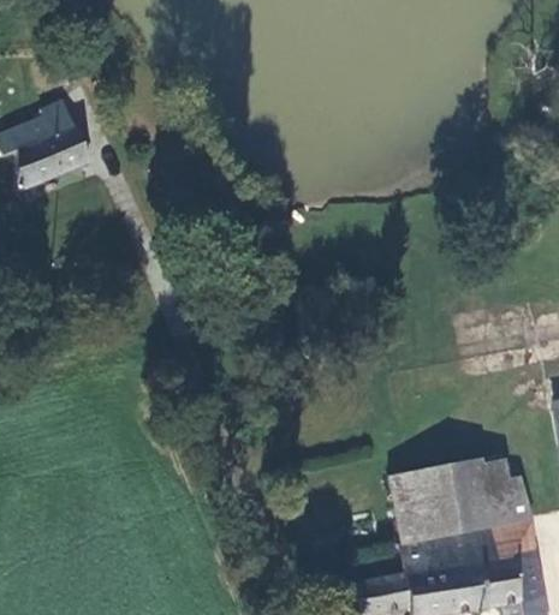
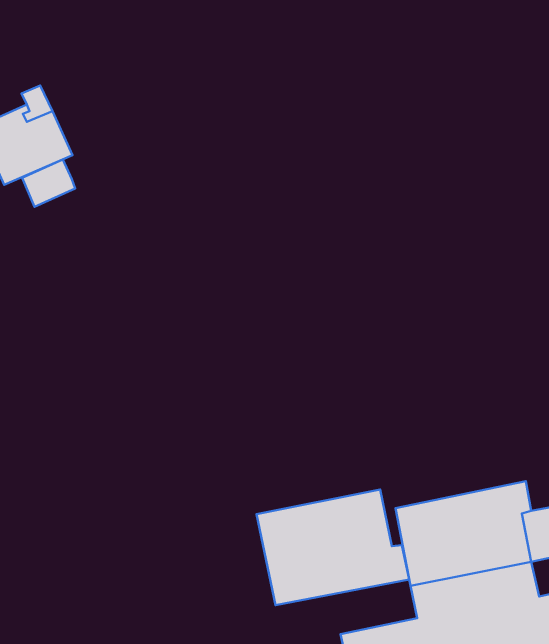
building: none -> [22,160,75,207]
building: none -> [256,489,409,605]

